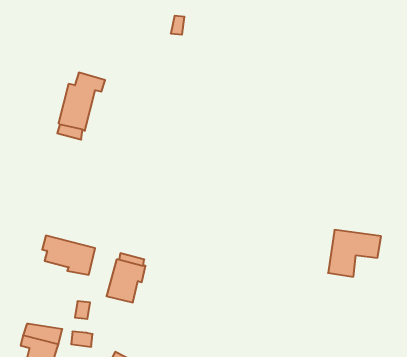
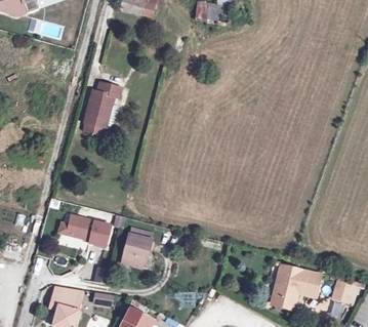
building: [328,230,381,277] -> [275,268,318,305]
building: none -> [331,275,362,303]

